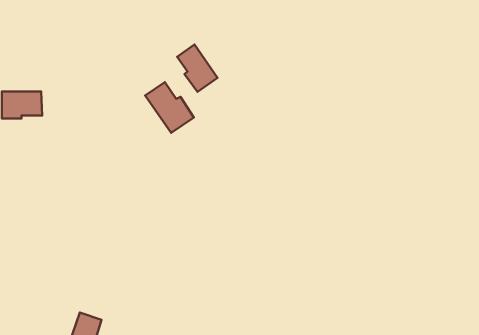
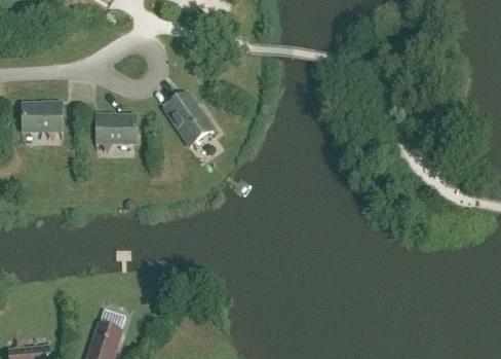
building: [177,45,217,92] -> none
building: none -> [97,114,137,141]

